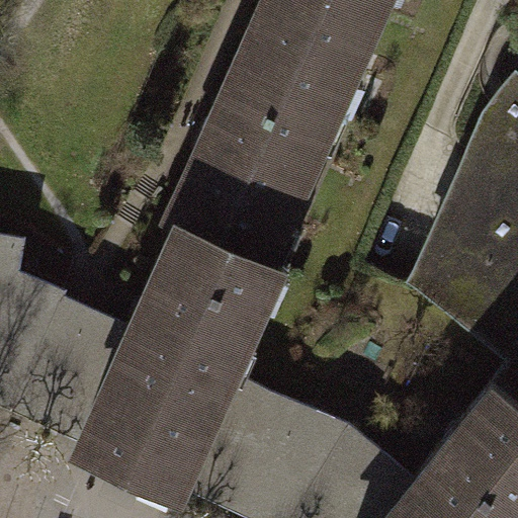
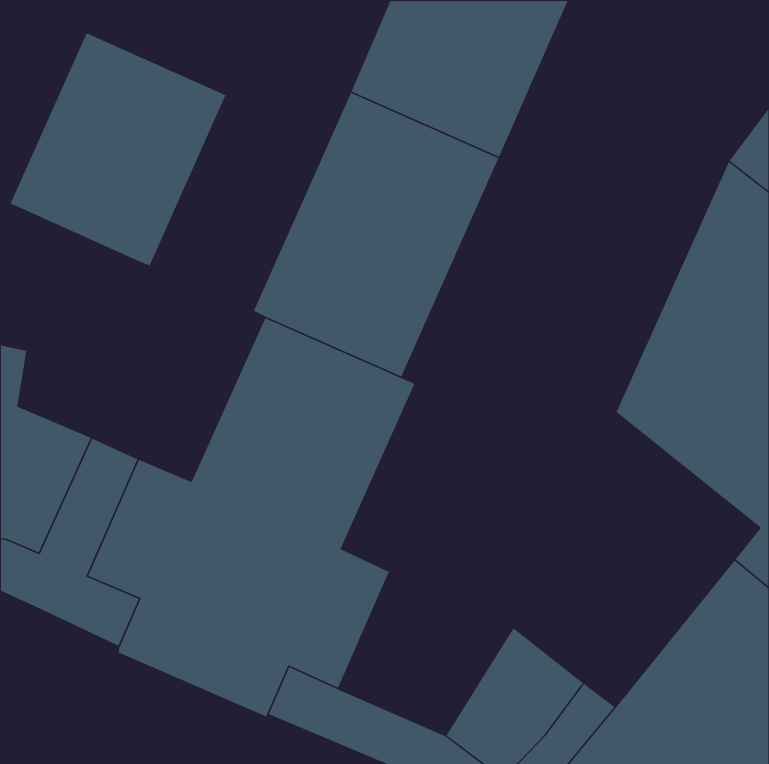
building: none -> [10,32,227,267]
building: [228,387,345,498] -> none

